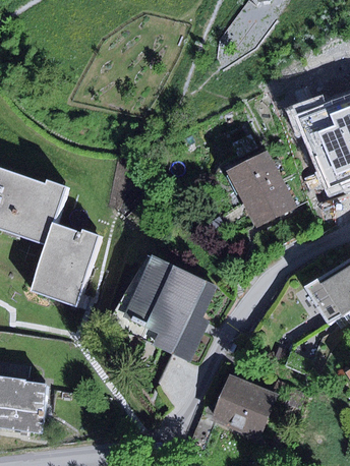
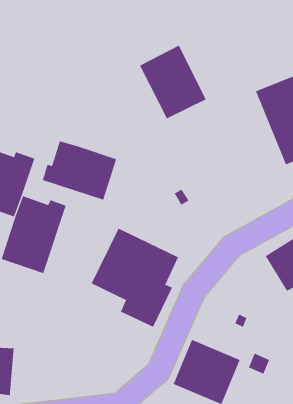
building: [226,151,296,228] -> [139,45,206,119]
building: none -> [42,141,117,201]

